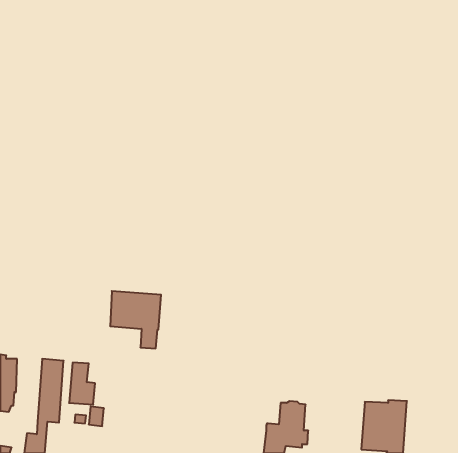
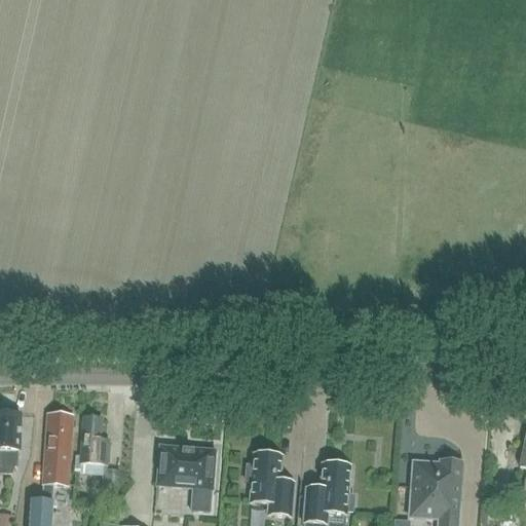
building: [110,291,161,348] -> [156,444,215,510]
building: none -> [246,451,294,516]

